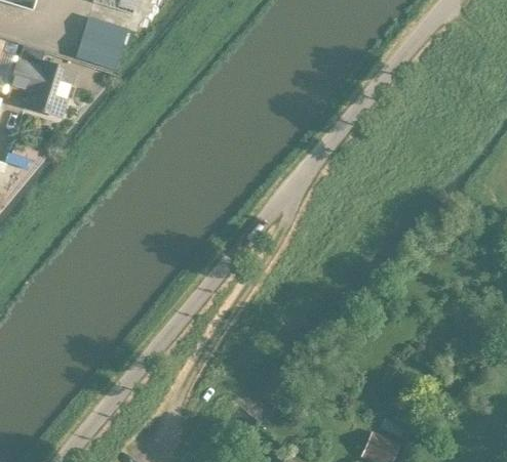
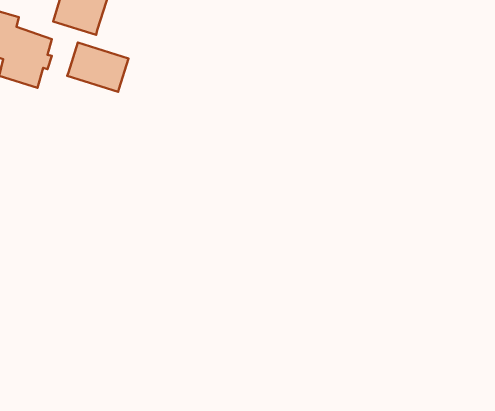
building: none -> [67,43,129,92]

